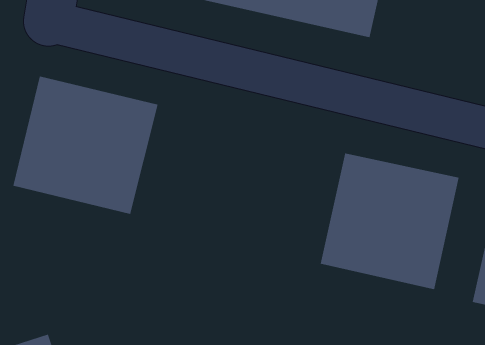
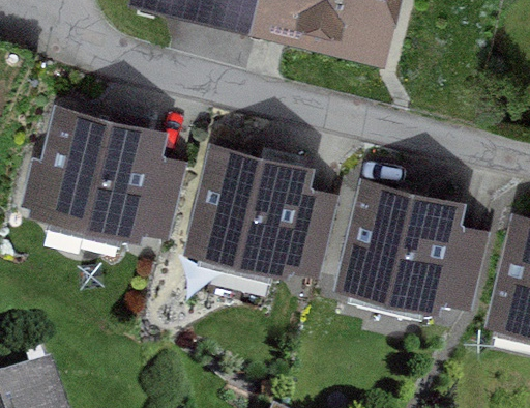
building: none -> [185,145,322,276]

